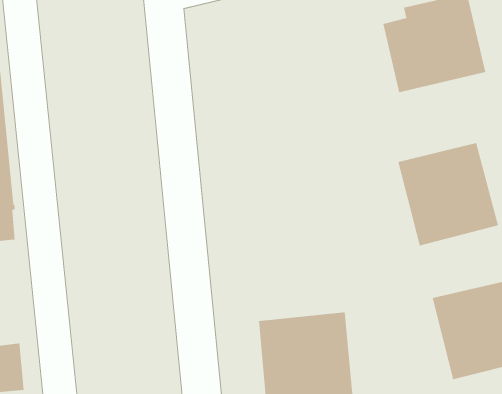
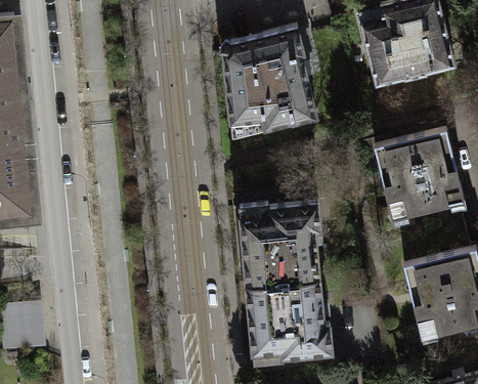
building: none -> [218,32,314,133]
building: none -> [242,208,327,287]

